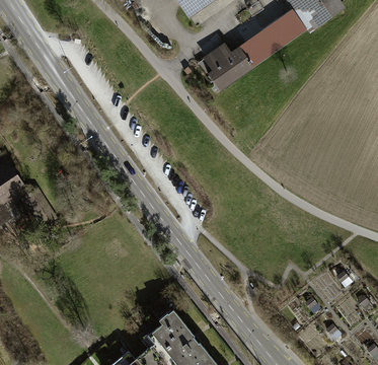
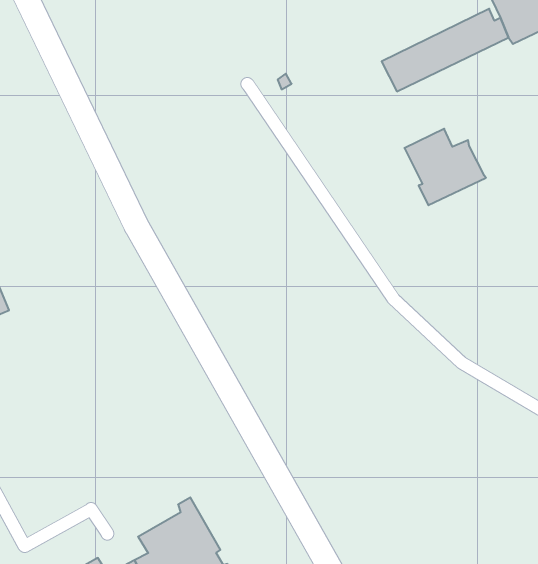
building: [203,44,250,87] -> [404,129,486,205]

